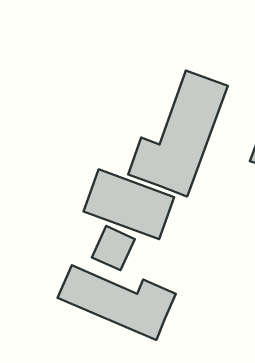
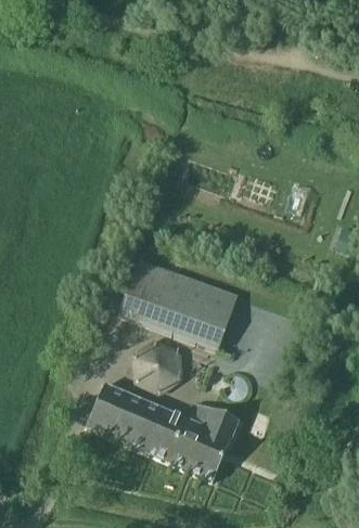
building: [128,71,228,197] -> none

